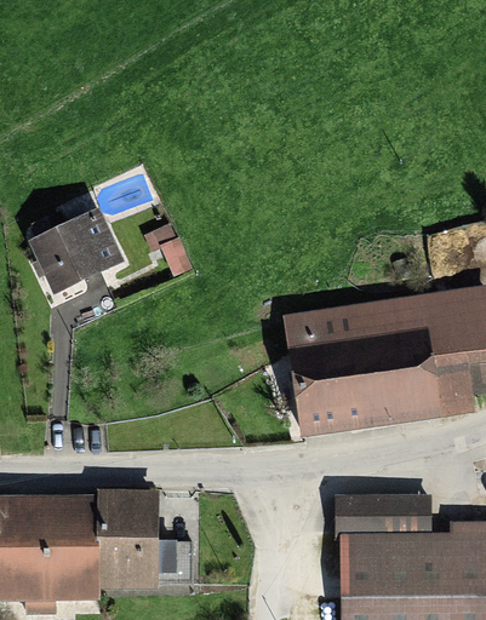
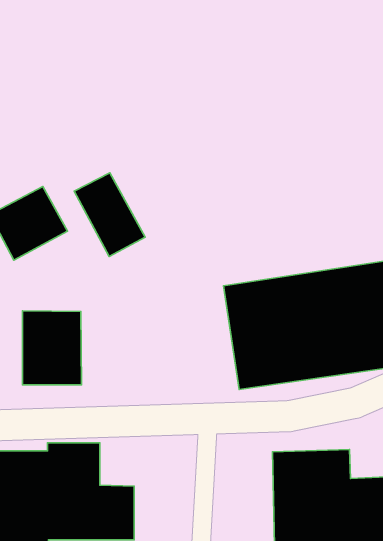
building: none -> [74,173,145,257]
building: none -> [22,311,82,385]

